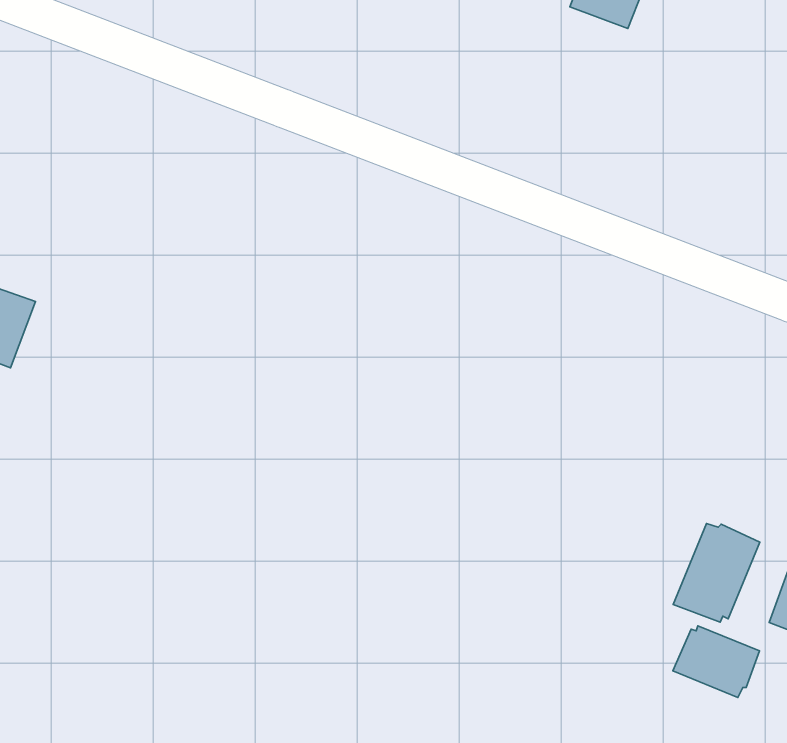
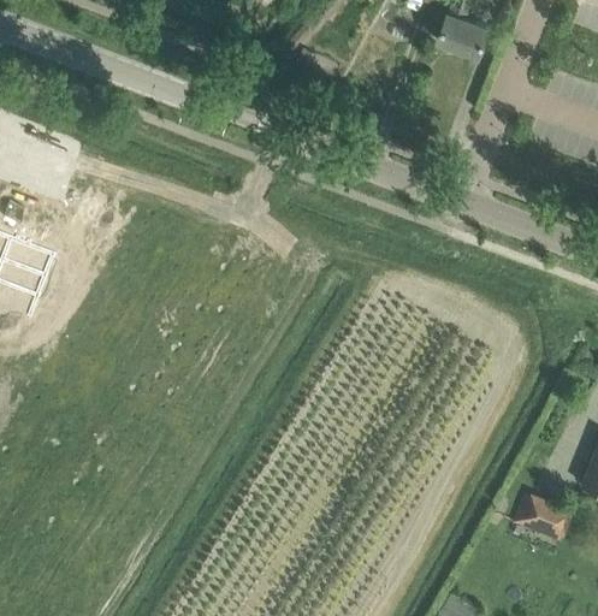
building: [673,523,760,622] -> none

